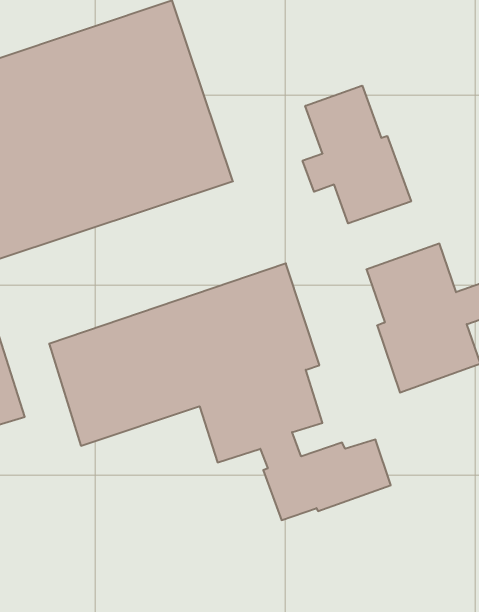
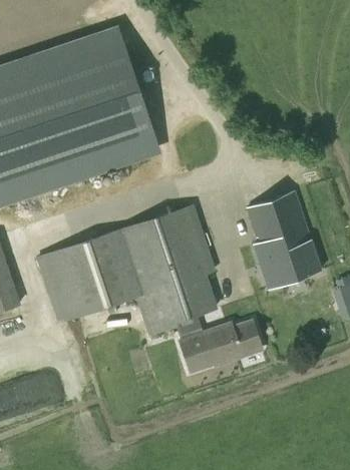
building: [303,86,411,223] -> none

